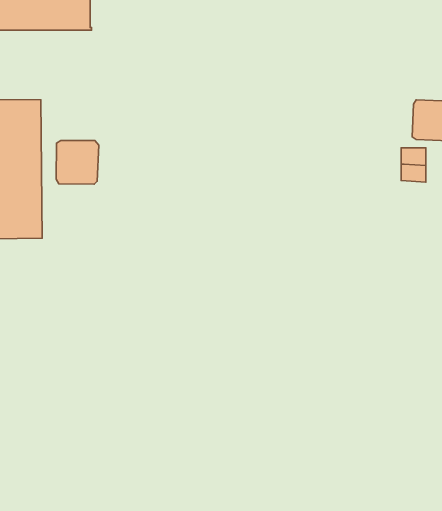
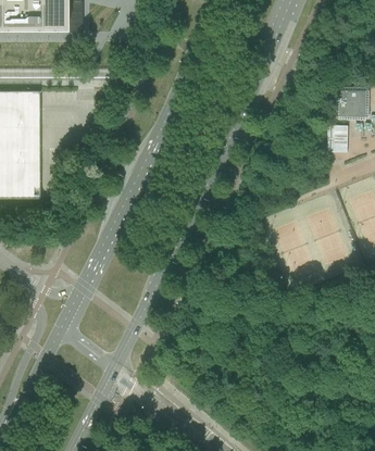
building: [56,140,99,184] -> none

